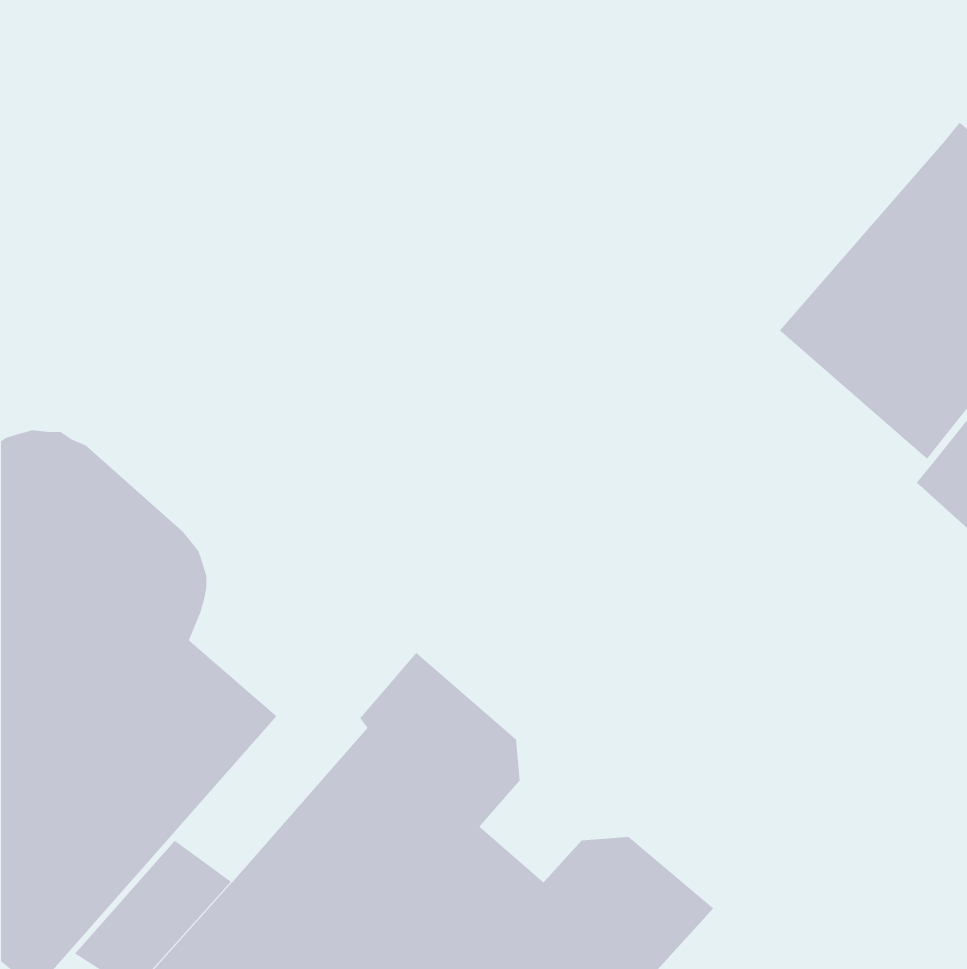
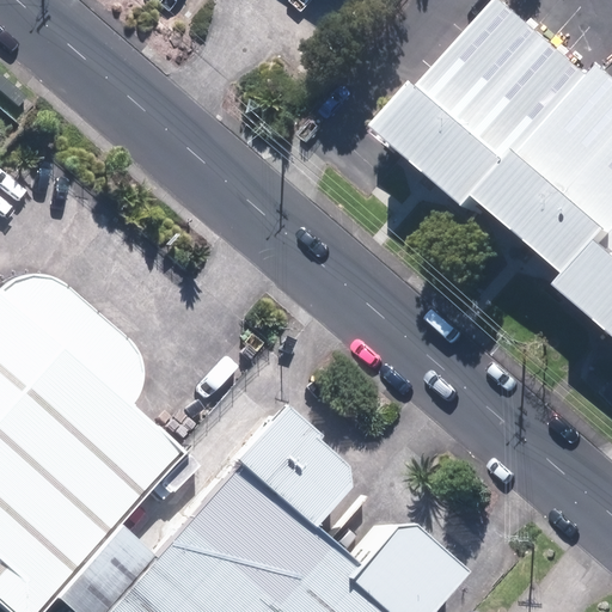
building: none -> [388,7,593,218]

